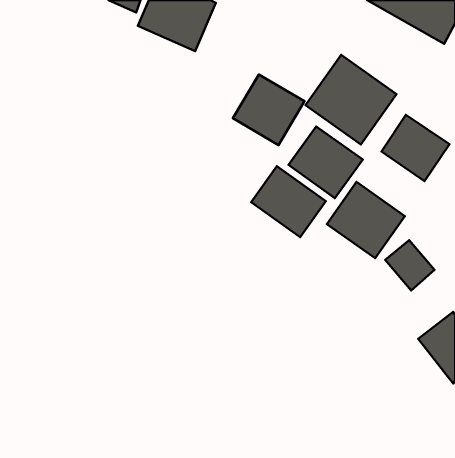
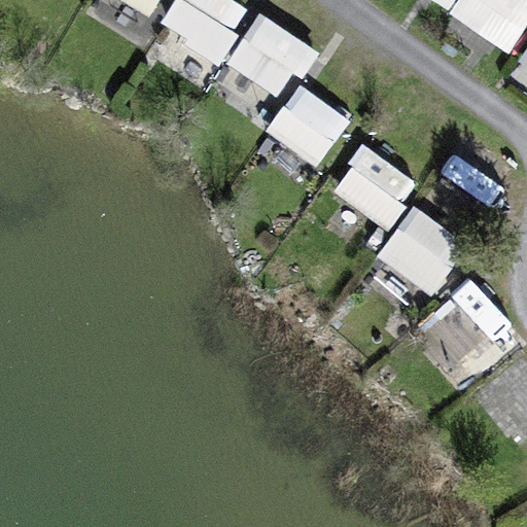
building: none -> [224,12,312,97]
building: [305,55,396,145] -> none
building: [251,166,326,237] -> none

